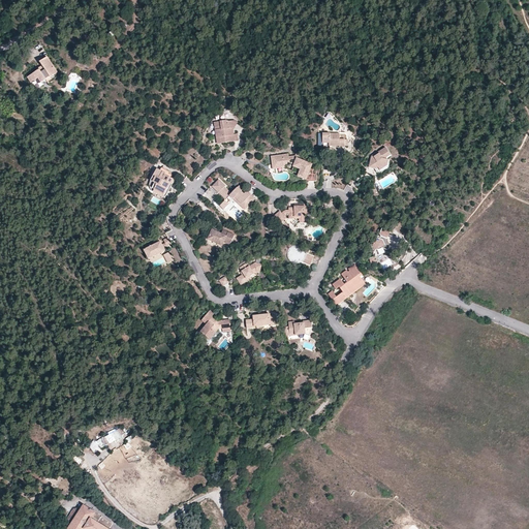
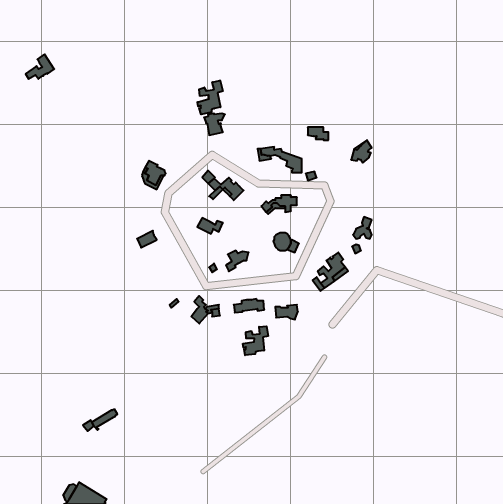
building: none -> [197,80,223,114]
building: none -> [243,326,268,355]

